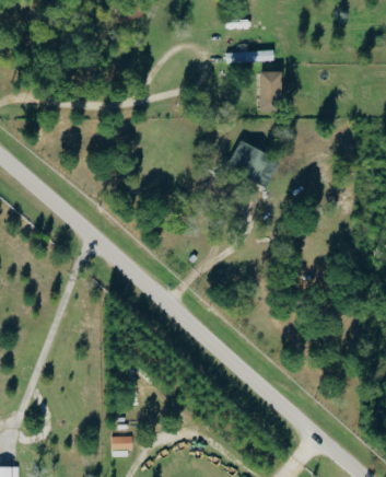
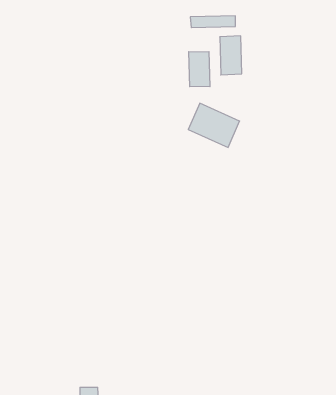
building: none -> [189,52,210,87]

